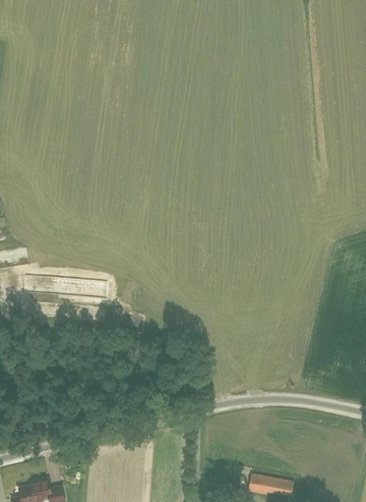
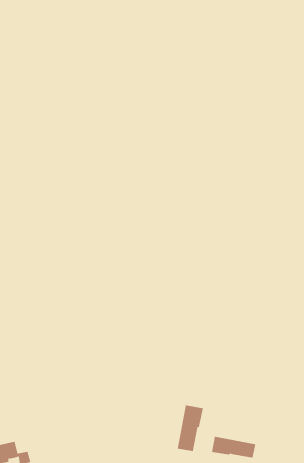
building: none -> [177,405,203,452]

